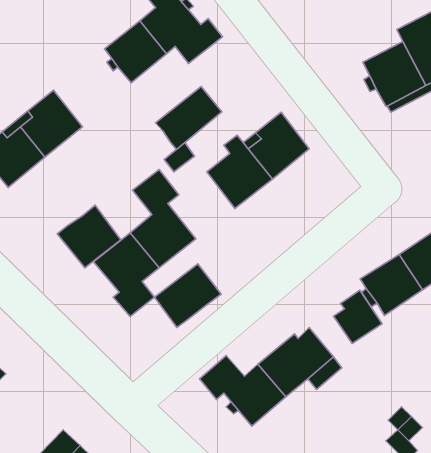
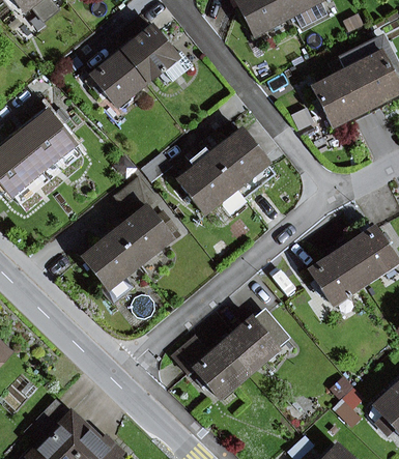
building: [155,86,222,149] -> none
building: [57,205,121,268] -> none
building: [154,264,221,327] -> none
building: [334,290,382,343] -> none

